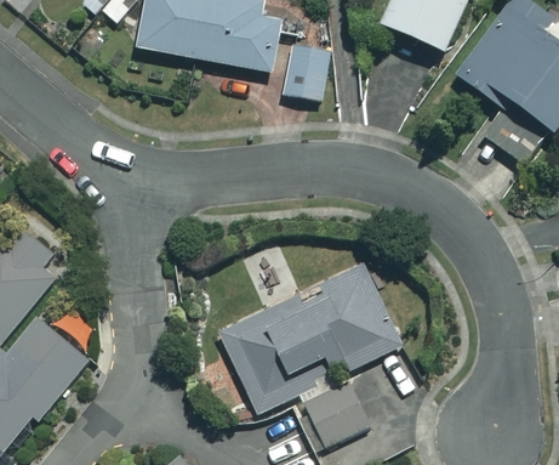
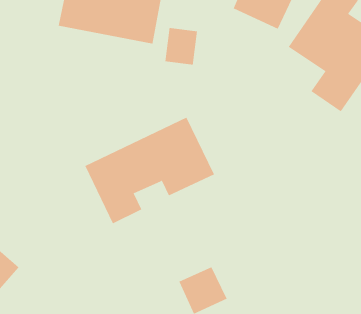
building: [219,263,400,413] -> [85,117,215,224]

